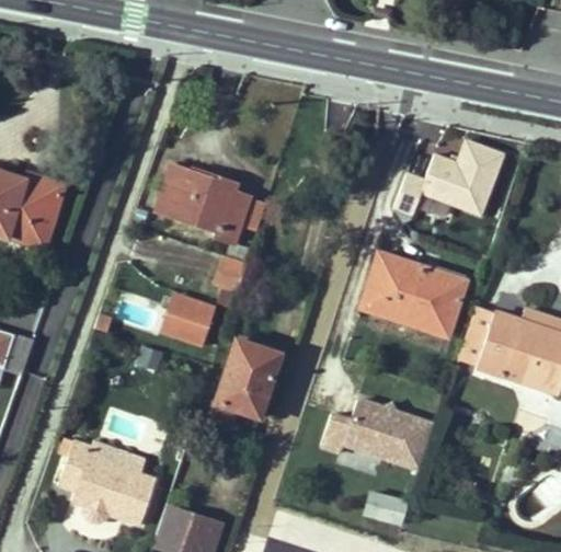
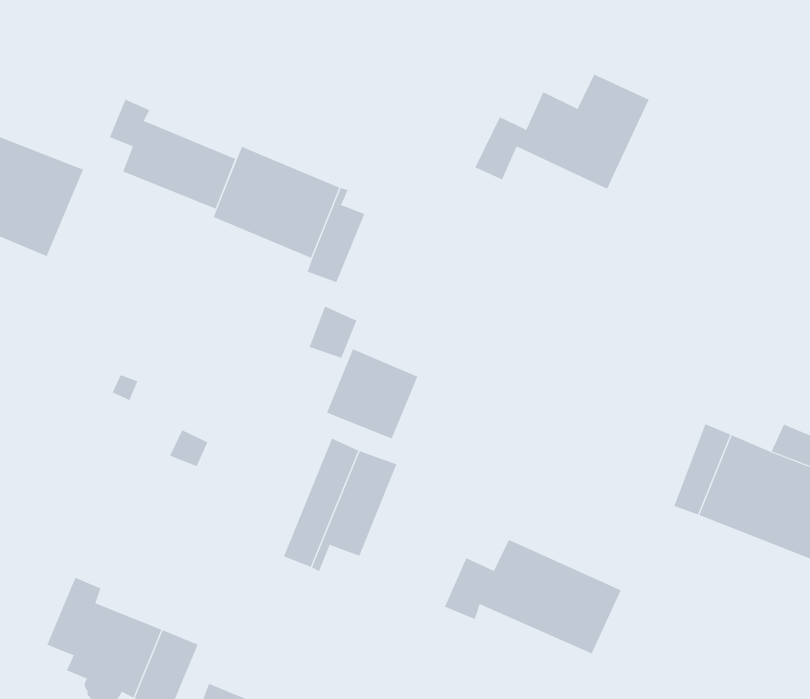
building: none -> [109,99,236,209]
building: [393,138,502,211] -> [474,74,650,190]
building: [360,258,465,340] -> none
building: [159,291,216,347] -> [326,348,418,439]

